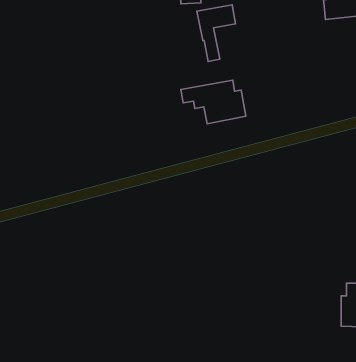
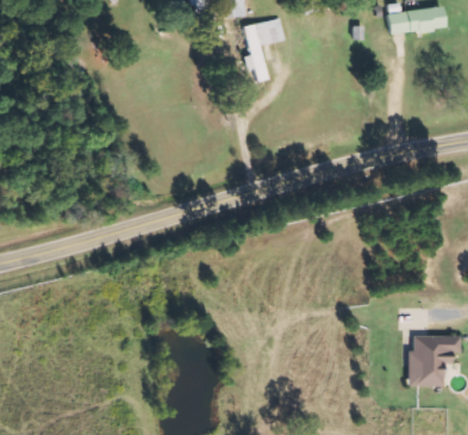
building: [181,80,246,124] -> none

